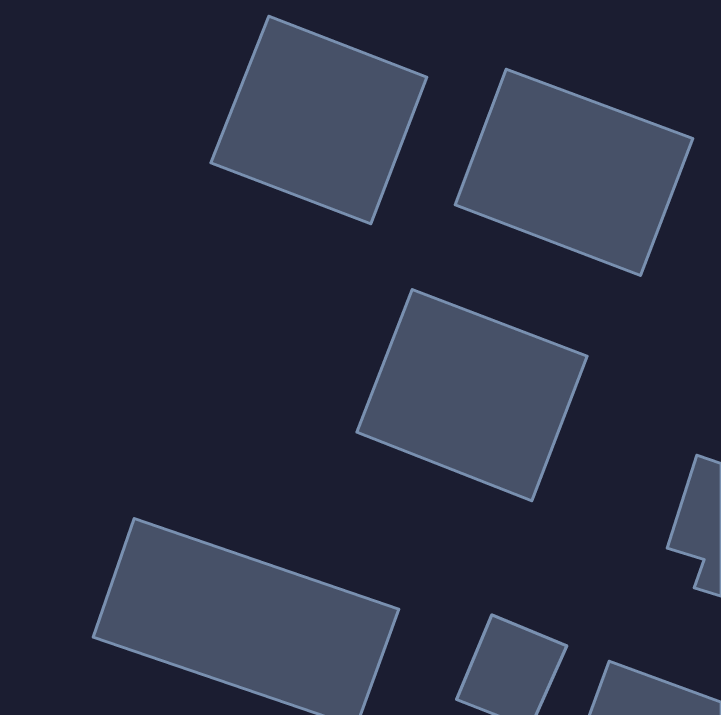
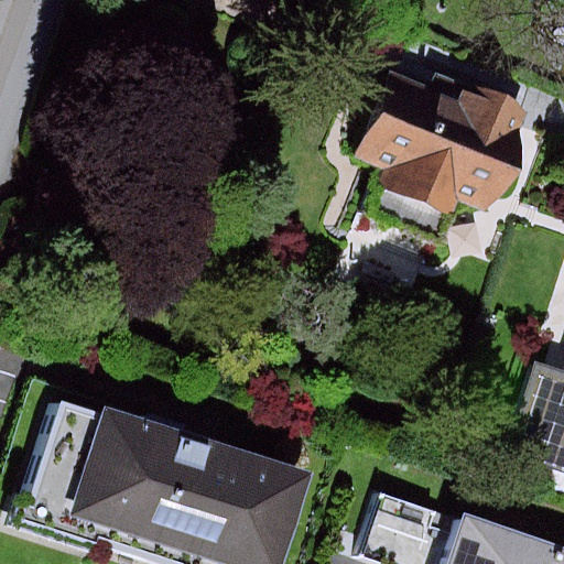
building: [211,16,427,224] -> none
building: [357,289,587,501] -> none

